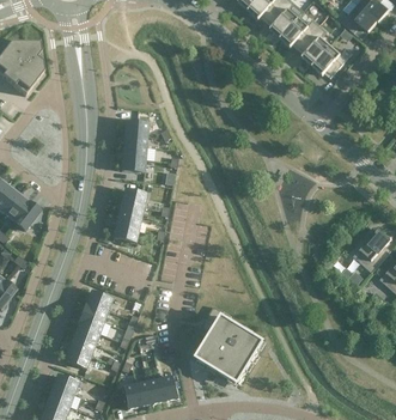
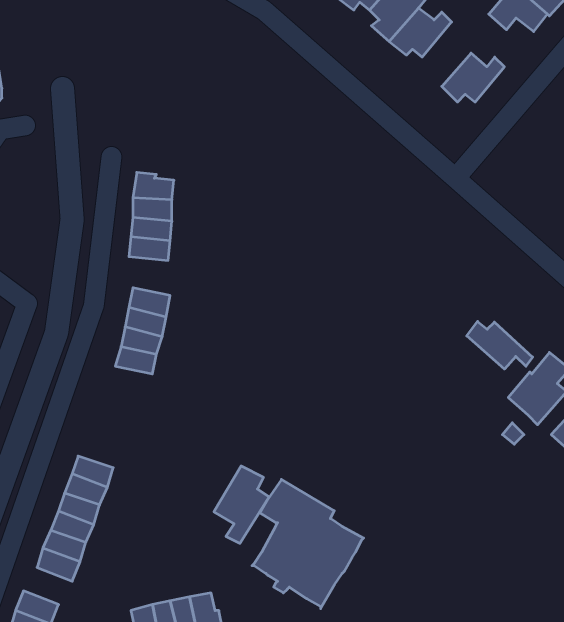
building: [299,25,329,65] -> none
building: none -> [467,321,533,369]
building: none -> [214,466,269,543]

